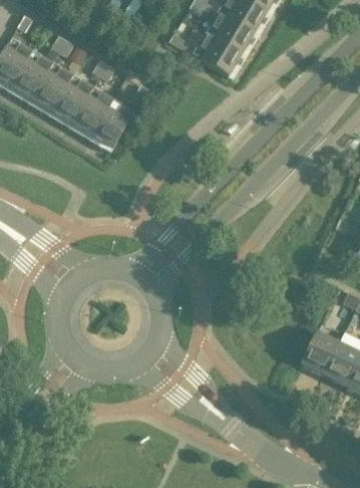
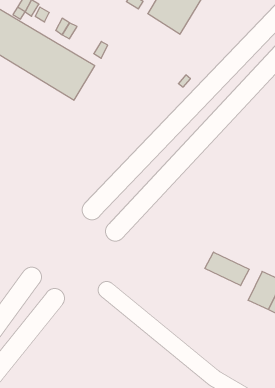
building: none -> [205,252,249,286]

